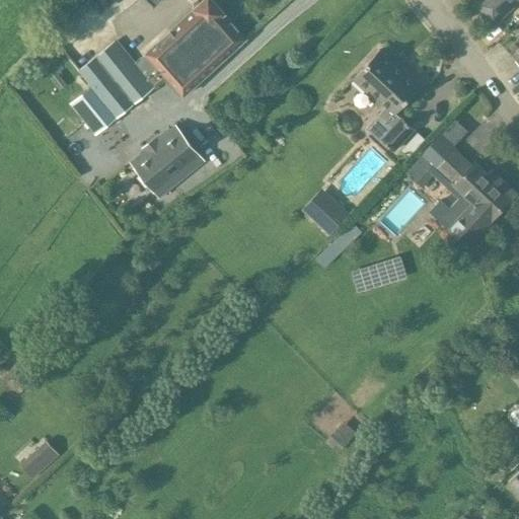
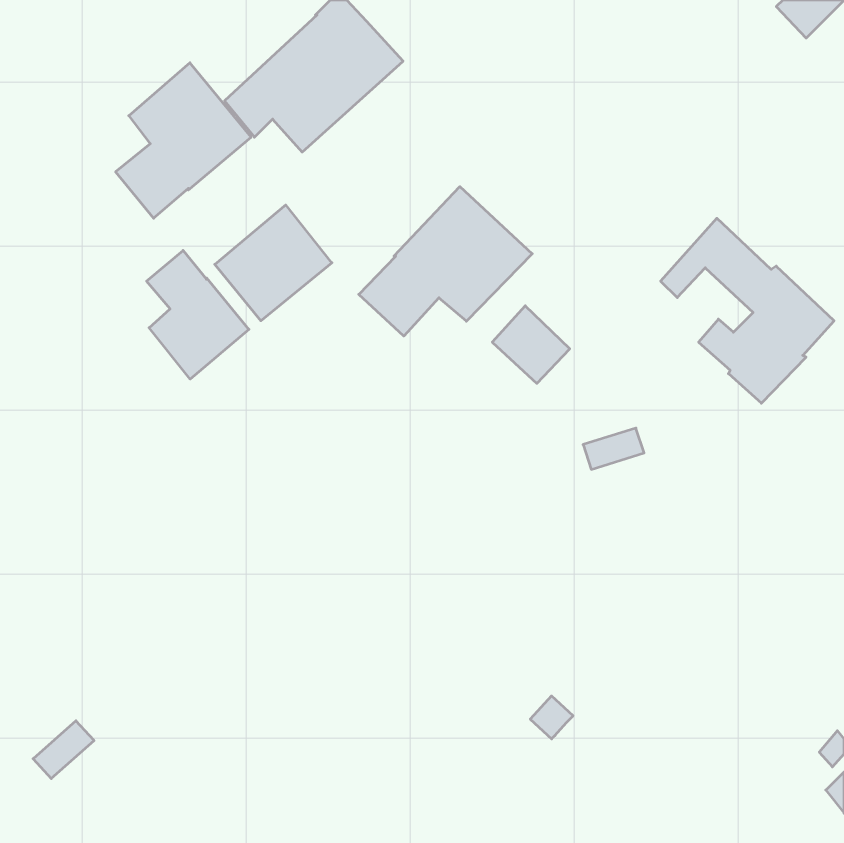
building: [355,50,422,151] -> none
building: none -> [359,187,532,336]
building: none -> [147,250,249,379]

